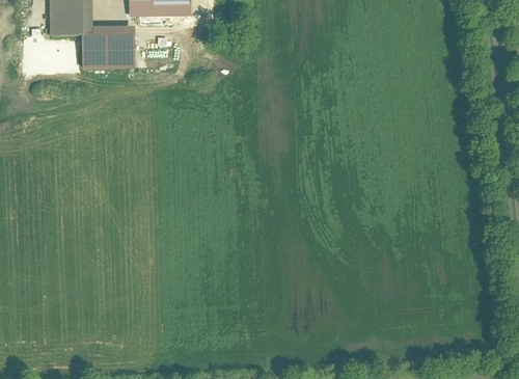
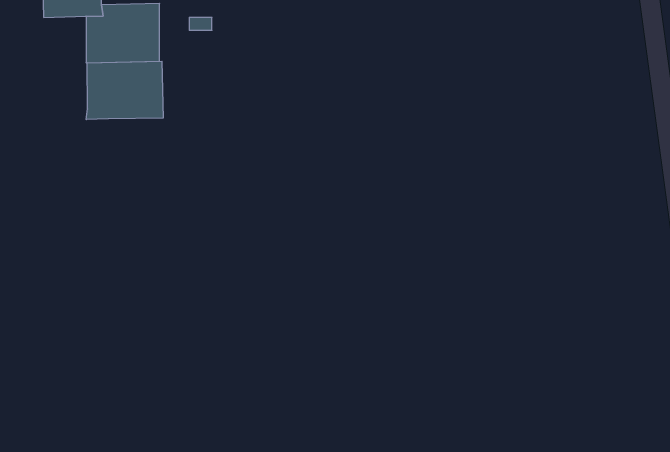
building: none -> [86,61,163,120]

